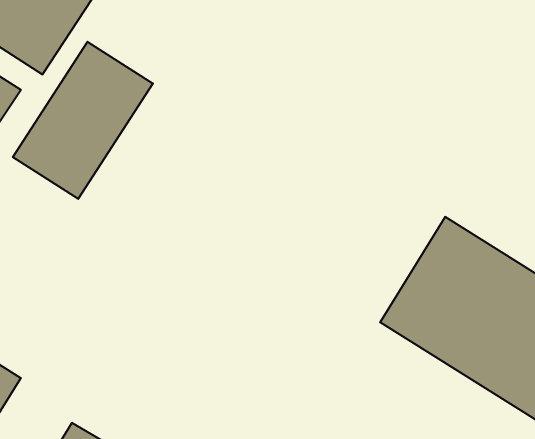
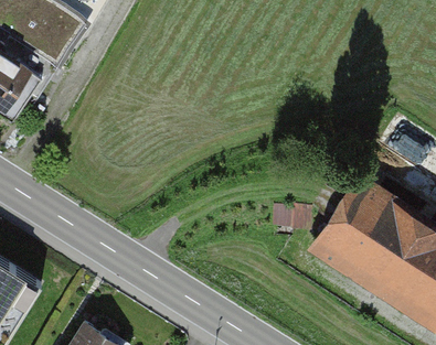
building: [13,42,153,199] -> none

